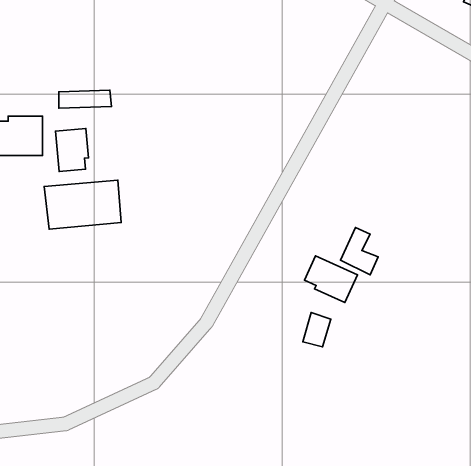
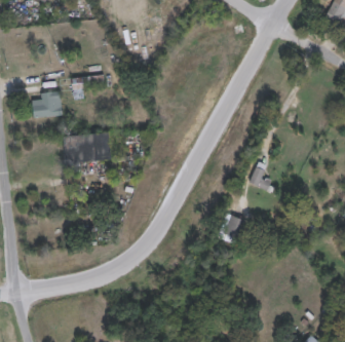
building: [56,129,88,172] -> none
building: [305,256,357,302] -> none

